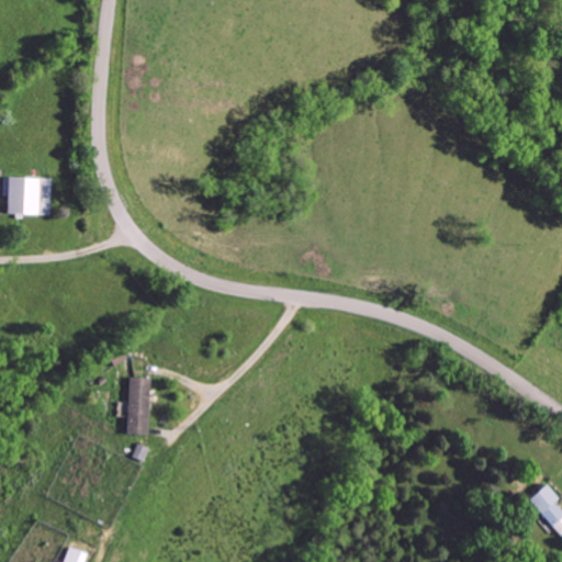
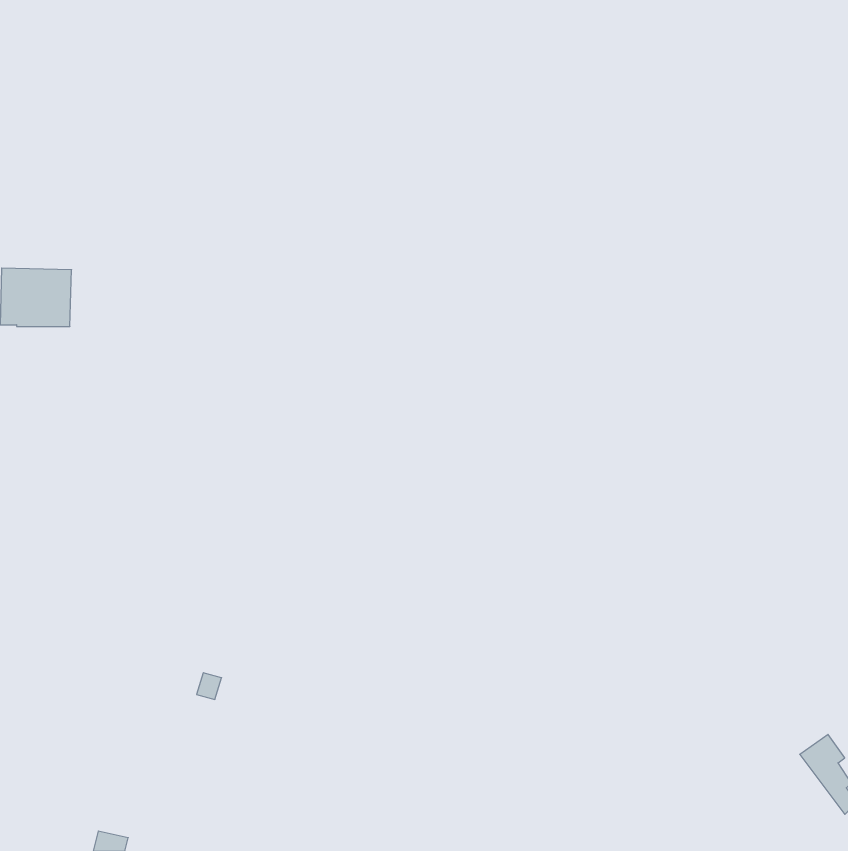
building: [127,378,149,434] -> none

